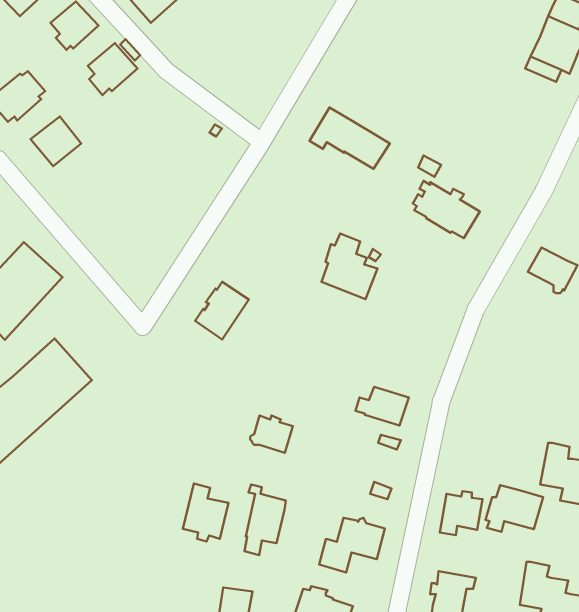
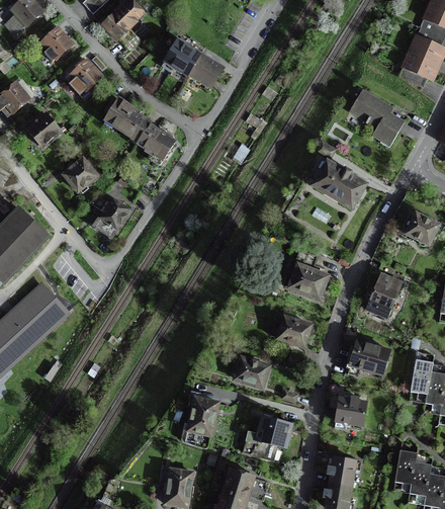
building: none -> [349,89,405,146]
building: none -> [104,99,174,165]
building: [309,107,390,169] -> [162,39,223,86]
building: none -> [61,155,101,195]
building: [321,234,378,299] -> [285,249,328,299]
building: [195,282,249,339] -> [92,196,132,240]
building: none -> [366,273,401,317]
building: [250,415,293,453] -> [235,358,267,387]
building: [183,484,228,542] -> none
building: [486,485,543,532] -> [346,341,389,376]

